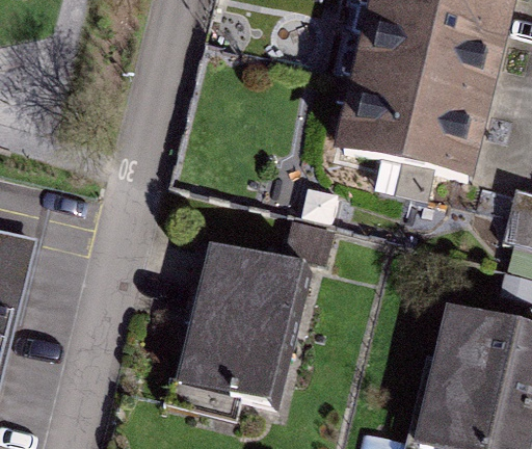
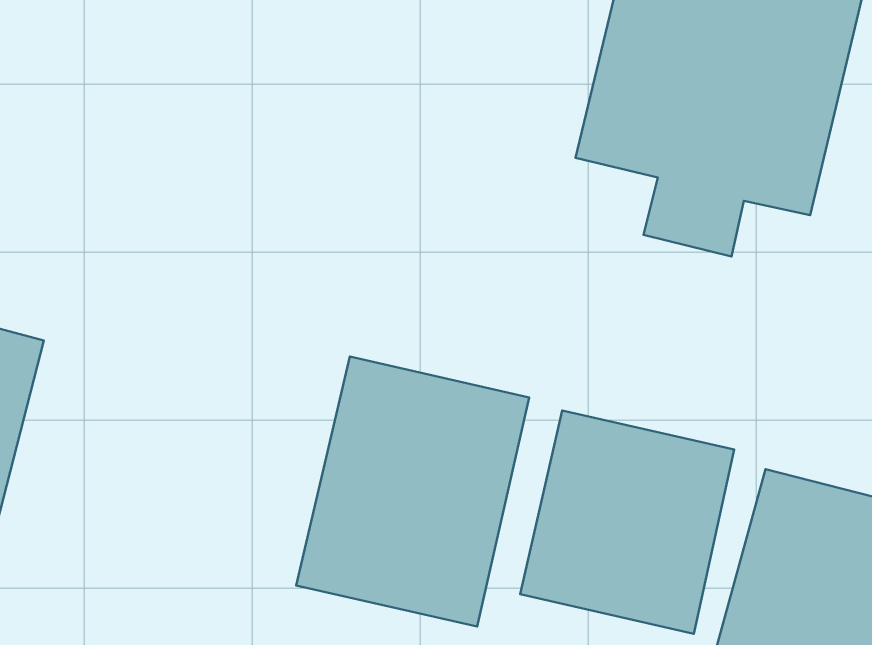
building: none -> [520,411,734,634]

